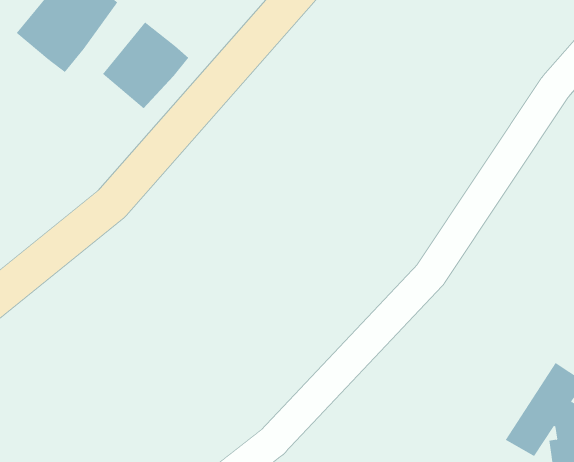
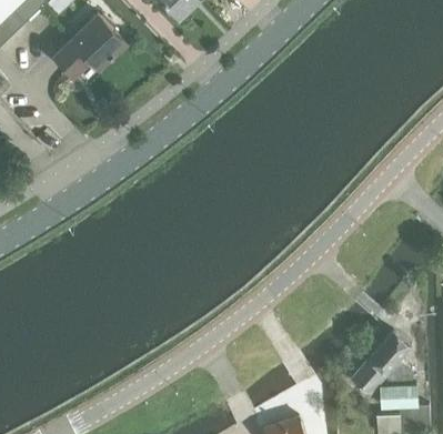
building: [102,22,189,109] -> none

